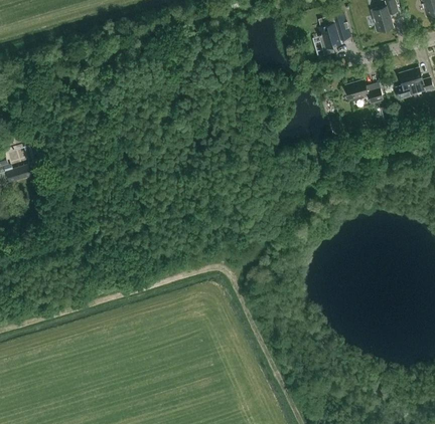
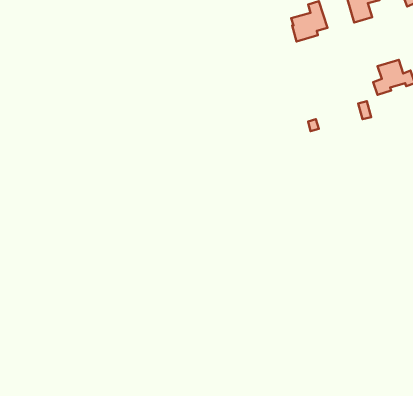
building: [345,78,384,103] -> none

